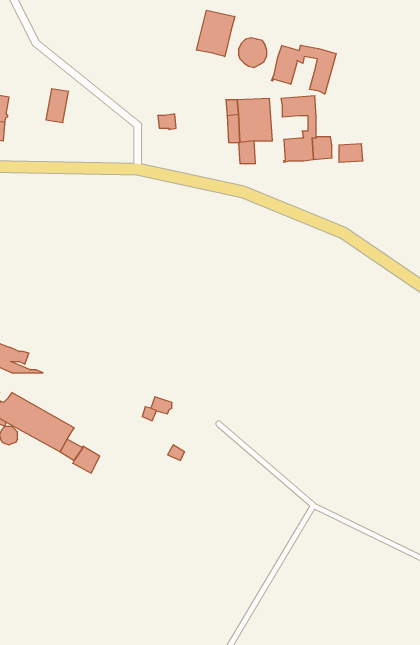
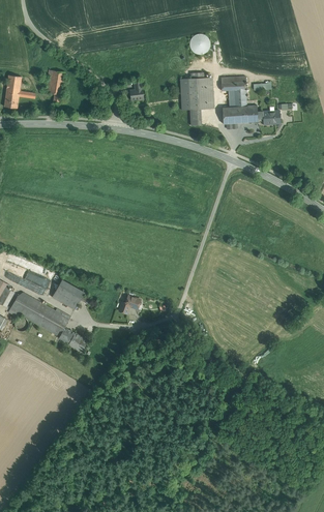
building: [197,10,235,57] -> none
building: [272,45,336,94] -> none
building: none -> [51,279,84,309]

